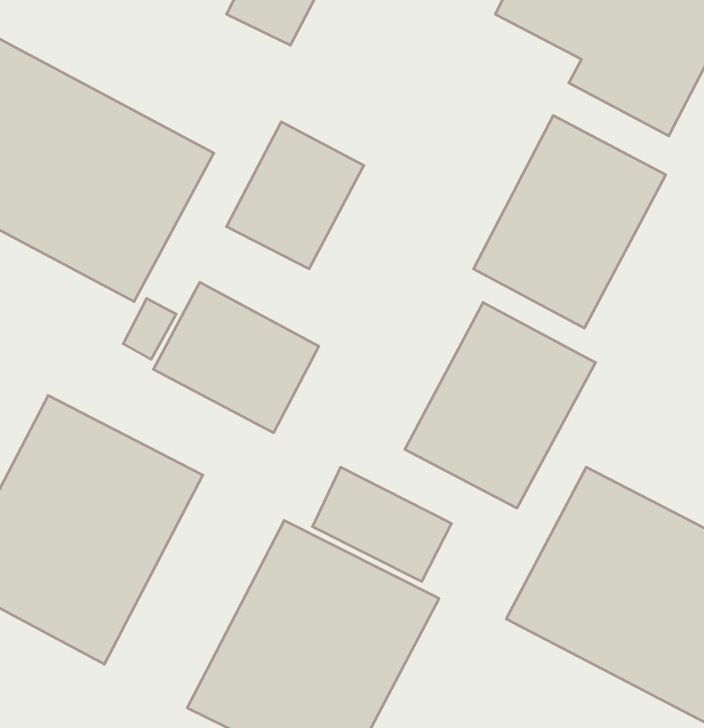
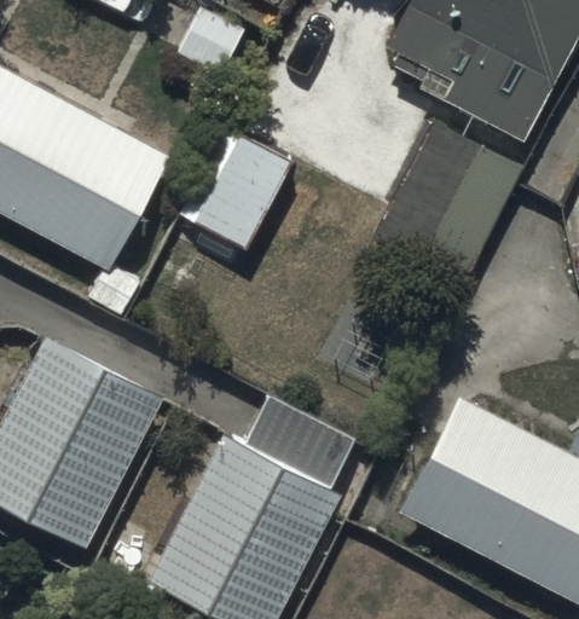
building: [153,282,319,433] -> none
building: [405,302,596,508] -> none

